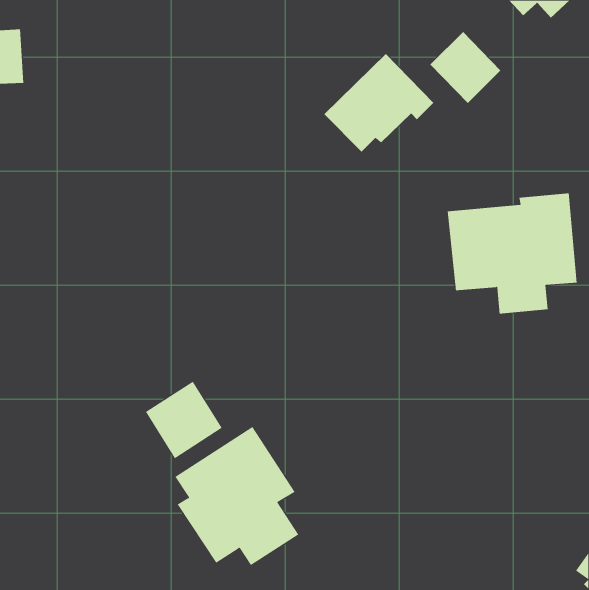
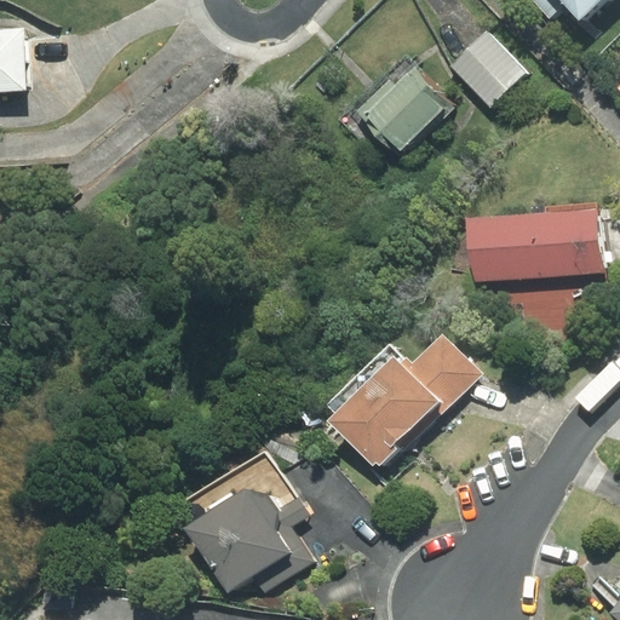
building: none -> [327,332,482,470]
building: [145,381,222,459] -> none

